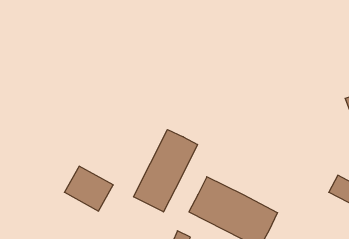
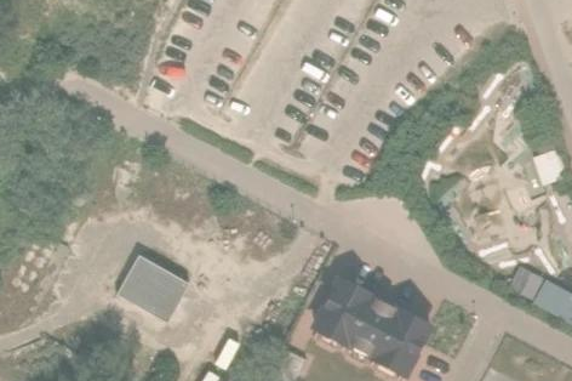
building: [134,130,197,212] -> none

